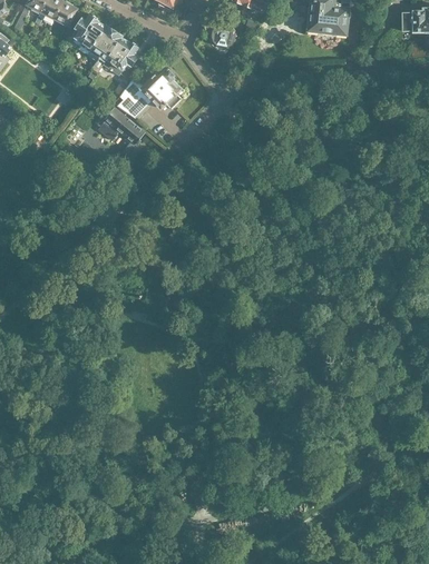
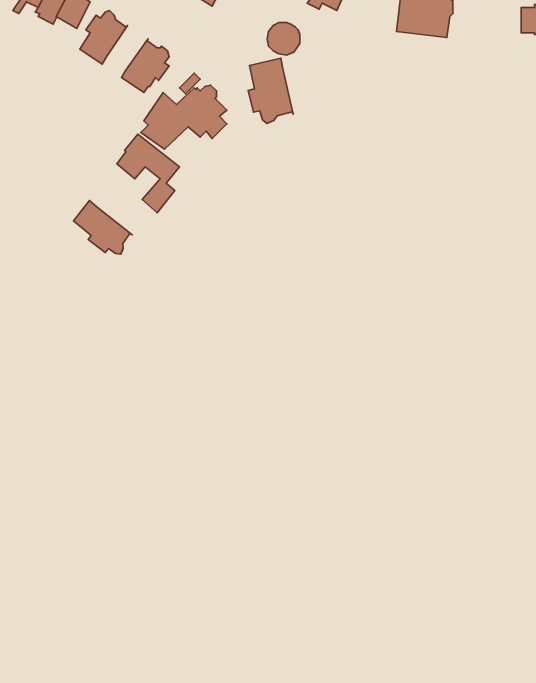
building: [85,23,120,77] -> none
building: none -> [248,58,293,124]
building: none -> [74,201,132,254]

